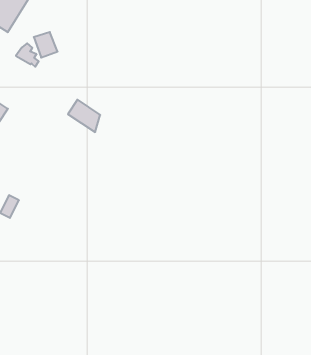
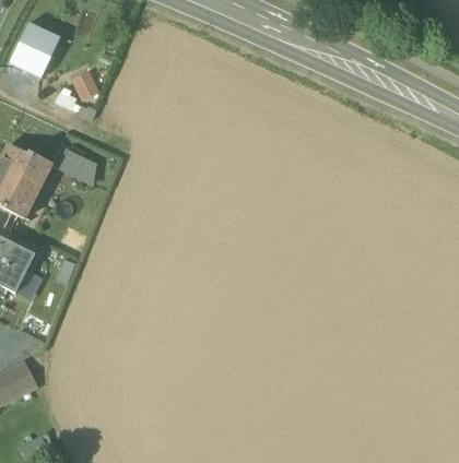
building: [68,100,100,132] -> [57,150,93,183]

